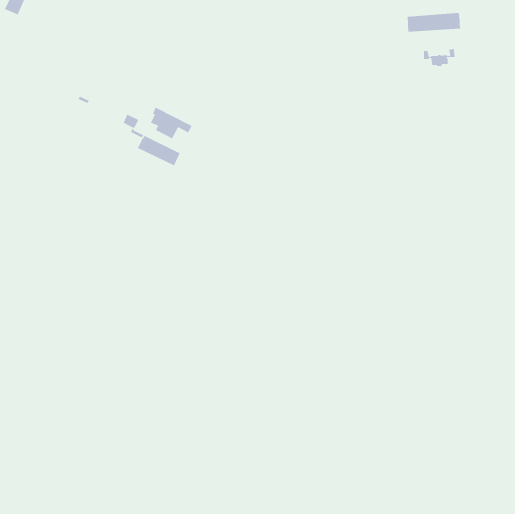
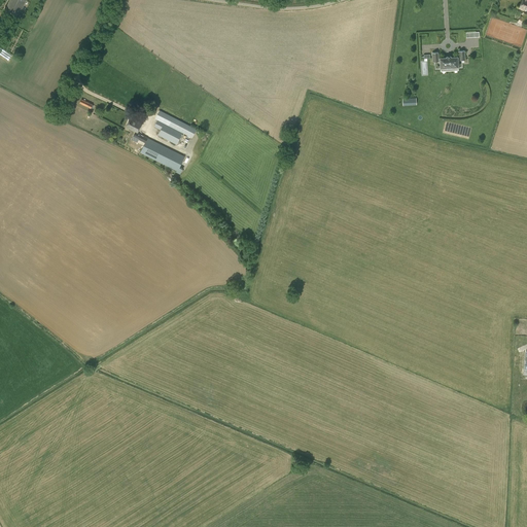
building: [407,12,461,32] -> none

